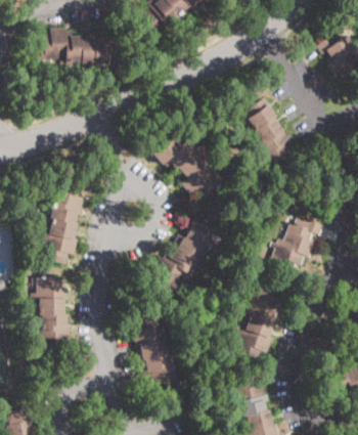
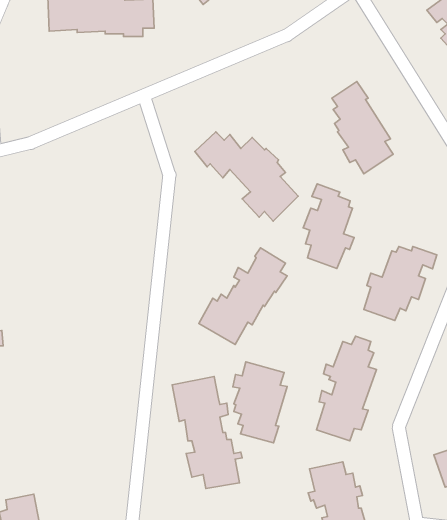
building: none -> [303,184,354,269]
building: [42,180,85,263] -> none
building: [32,276,73,352] -> none
building: none -> [233,362,287,443]

